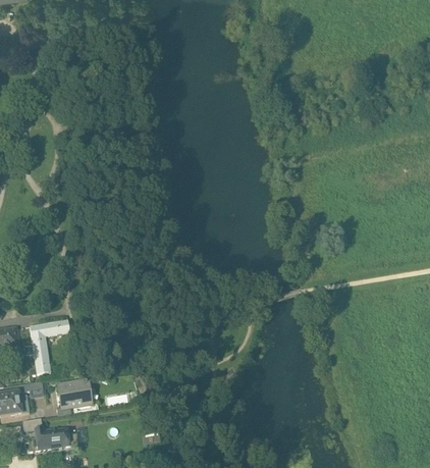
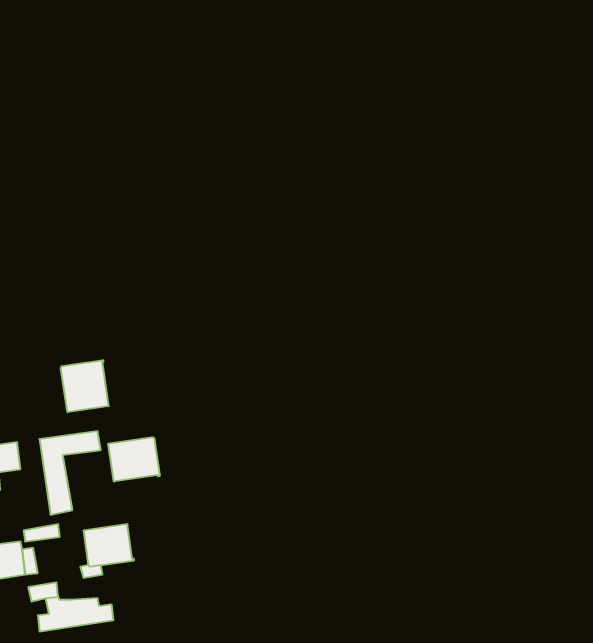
building: none -> [61,360,109,412]
building: none -> [108,437,160,482]

